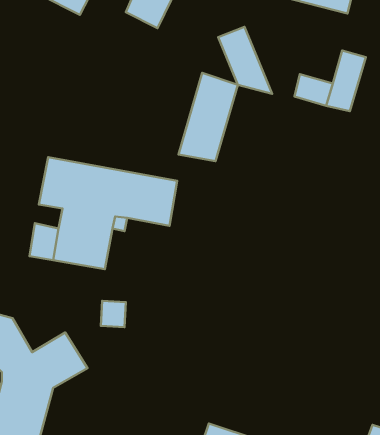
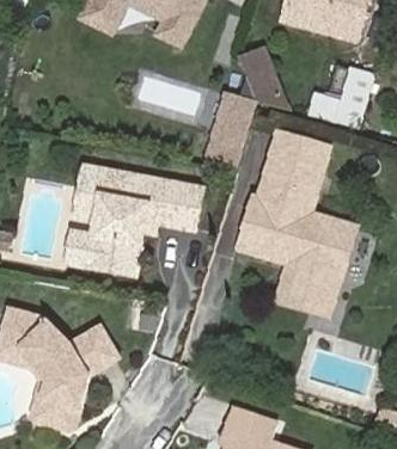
building: none -> [240,135,350,310]

